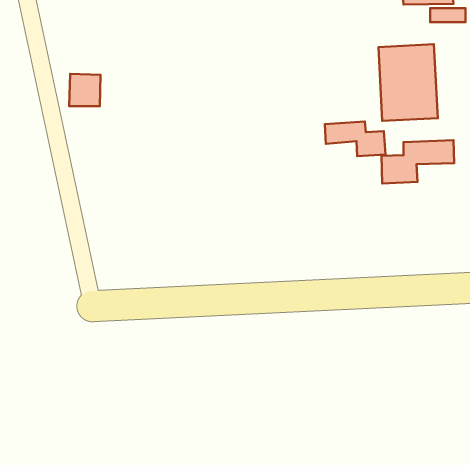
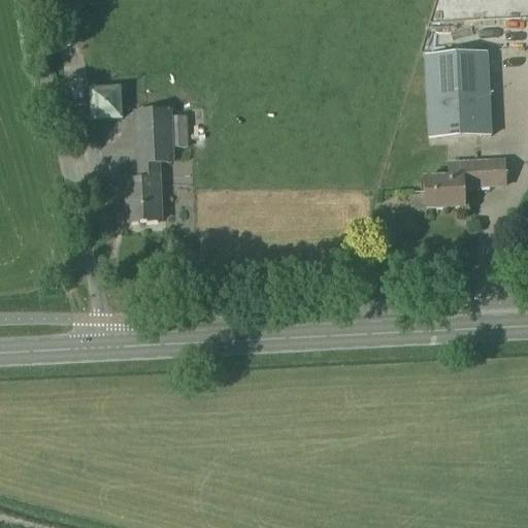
building: none -> [125,107,192,220]
building: [325,121,386,156] -> none

